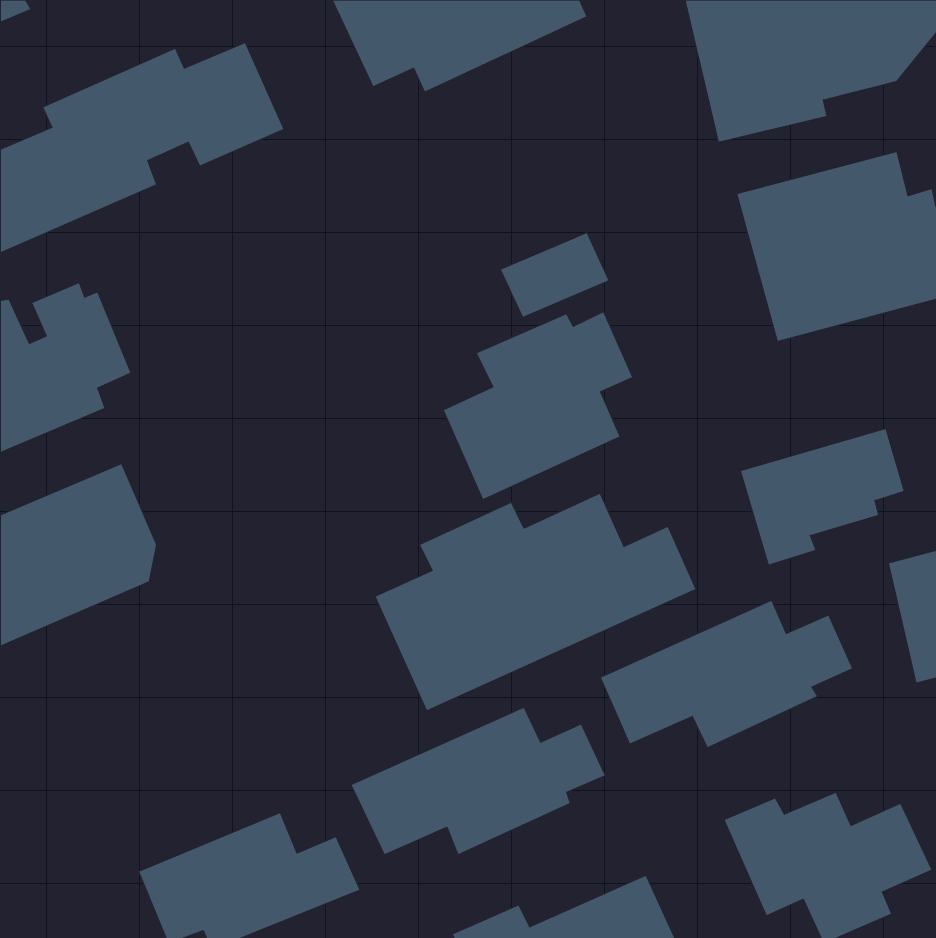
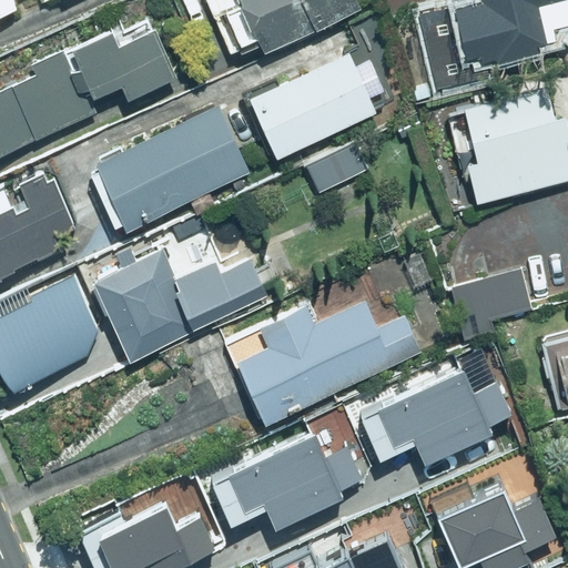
building: none -> [245,52,384,159]
building: none -> [90,106,250,232]
building: [443,312,633,500] -> none
building: none -> [85,251,267,367]

